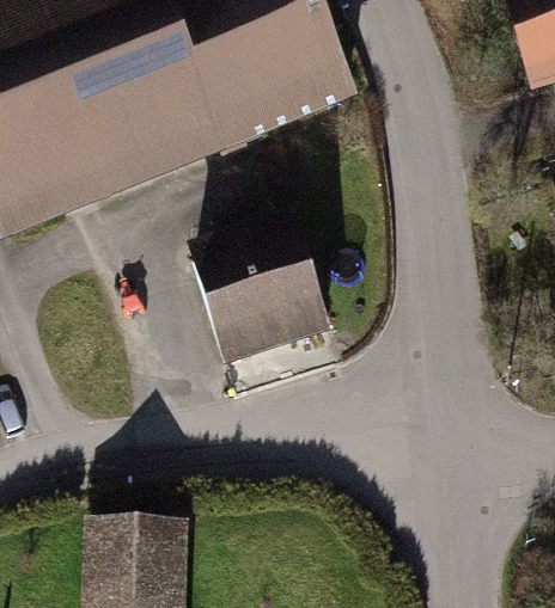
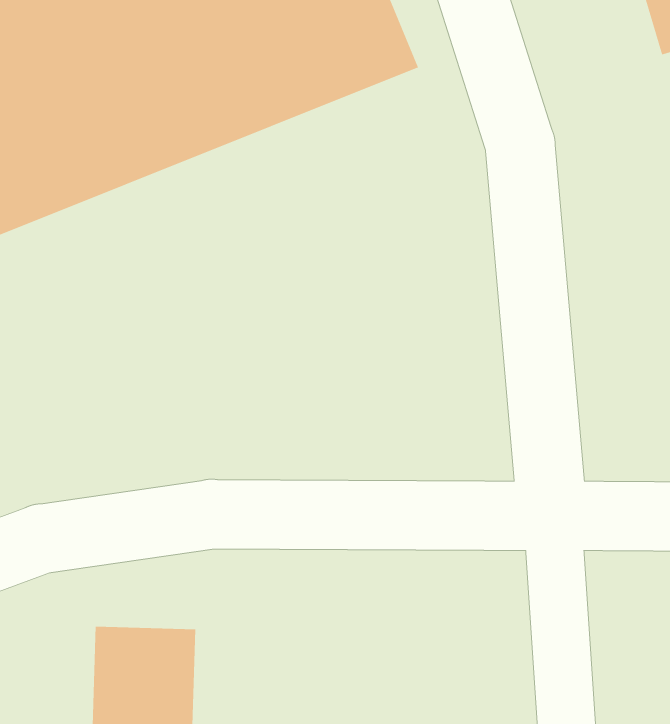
building: [200,231,330,360] -> none

